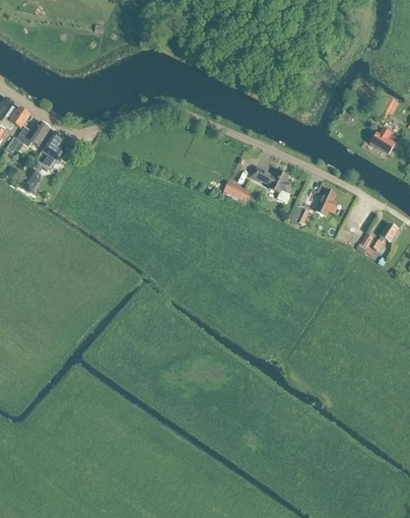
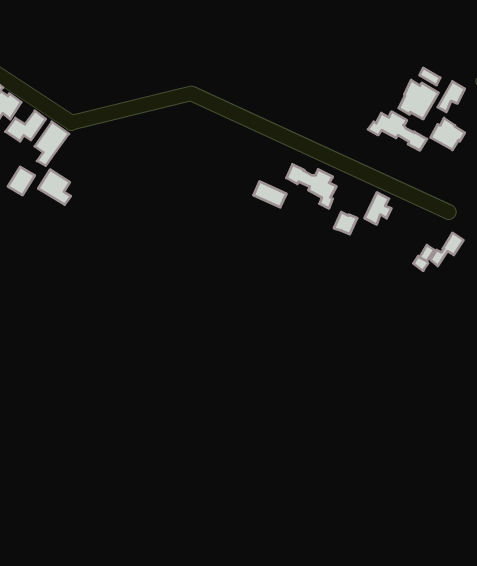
building: none -> [399,80,438,119]
building: none -> [368,112,427,150]
building: none -> [38,170,71,205]

